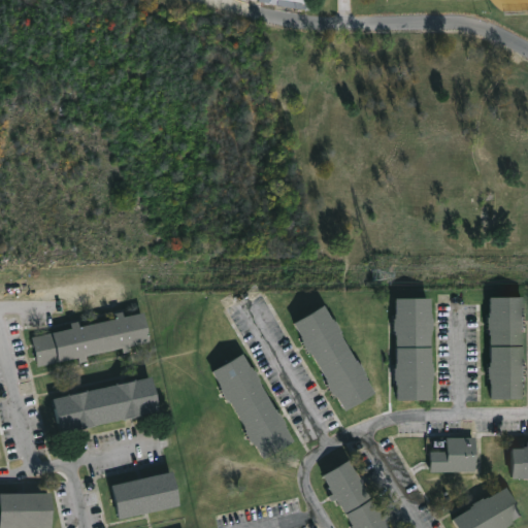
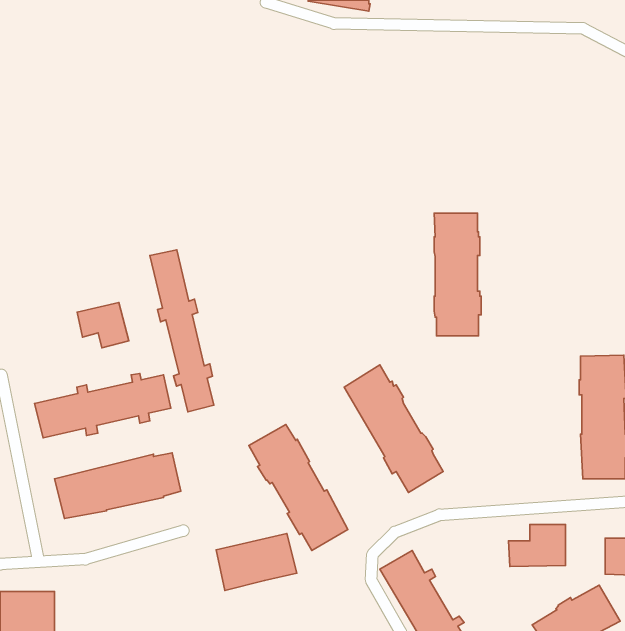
building: none -> [150,250,214,412]
building: none -> [77,302,129,348]
building: [395,299,434,401] -> [434,213,481,336]
building: [111,473,178,521] -> [216,534,297,591]

